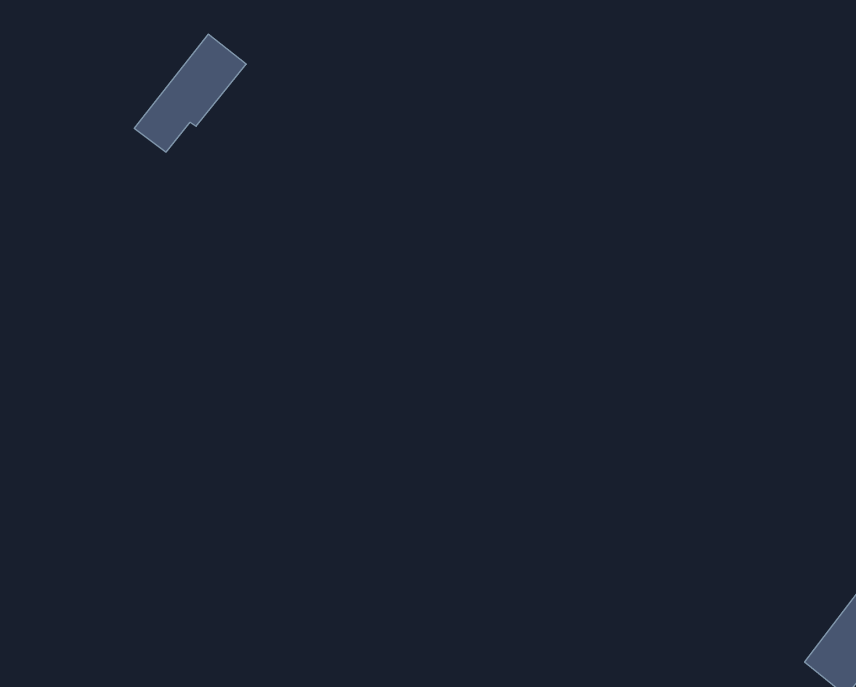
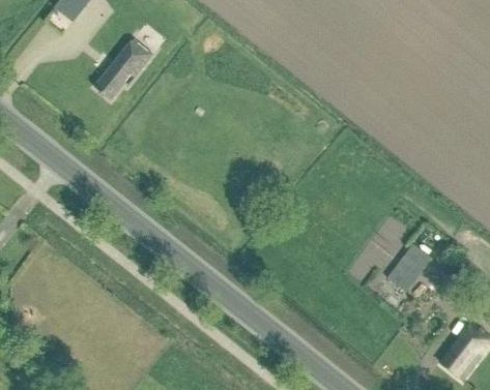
building: none -> [384,243,430,293]

